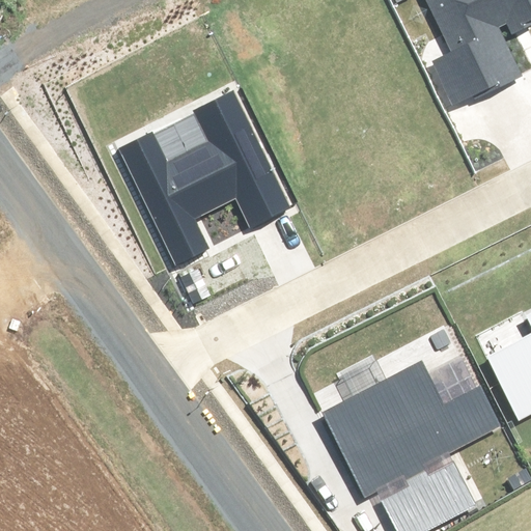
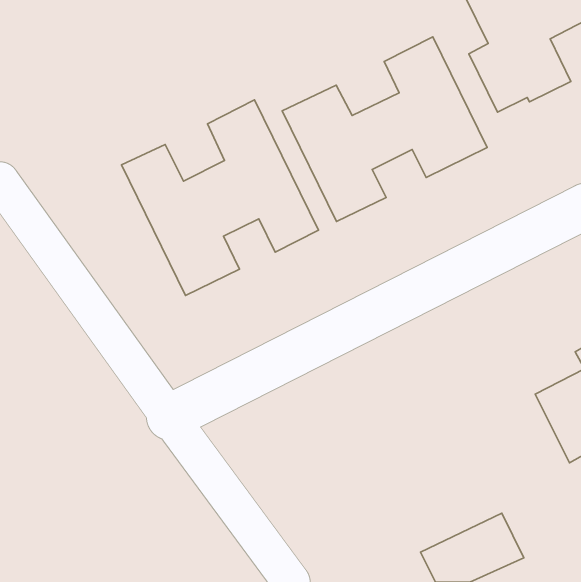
building: none -> [282,37,487,221]
building: [323,362,500,495] -> none

